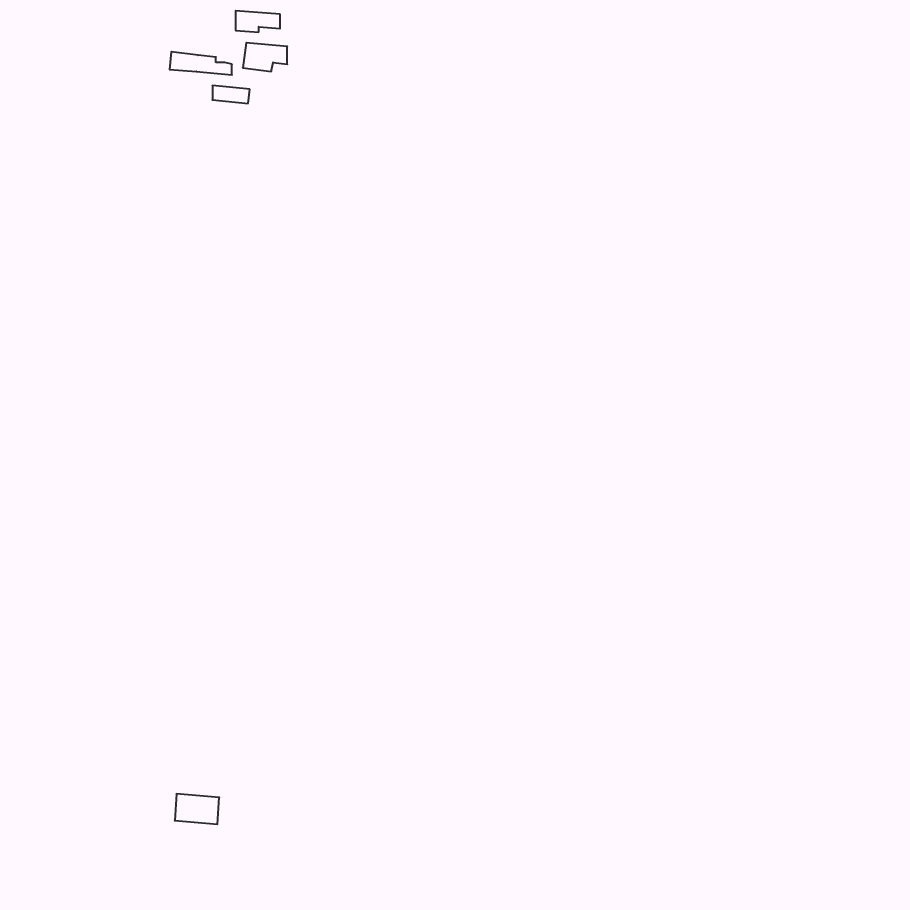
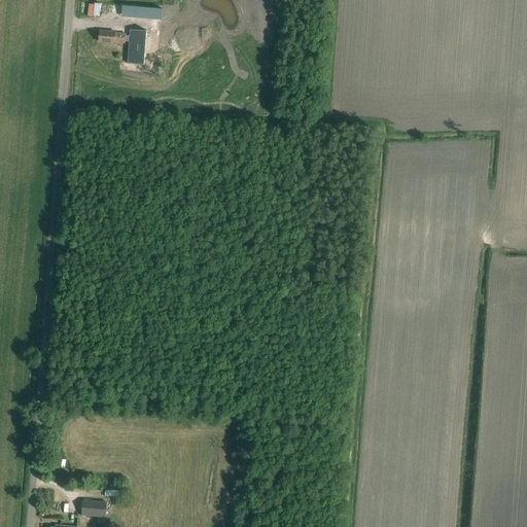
building: [175,794,219,824] -> [80,500,106,518]

